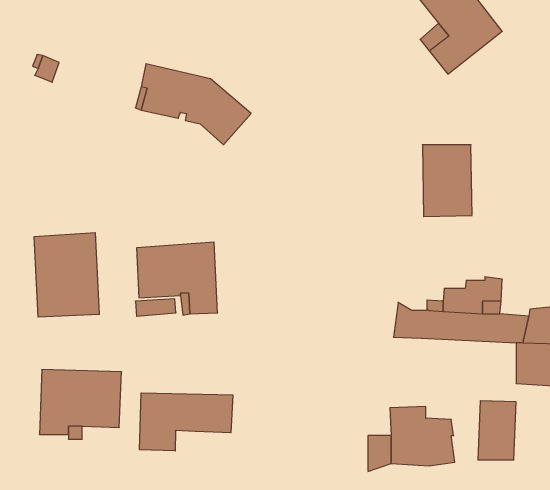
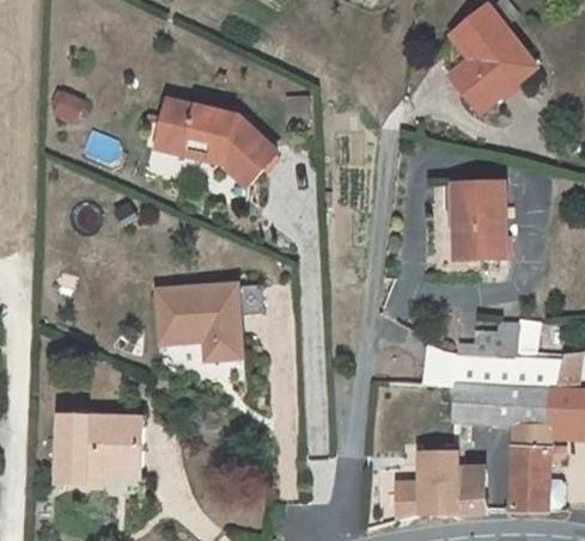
building: [34,233,99,317] -> none
building: none -> [451,383,549,449]
building: [140,393,233,451] -> none

